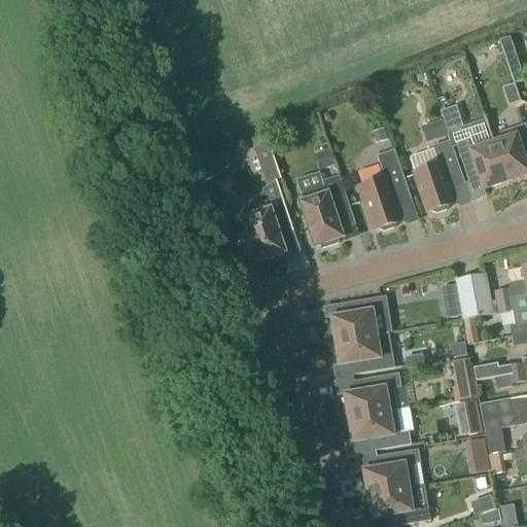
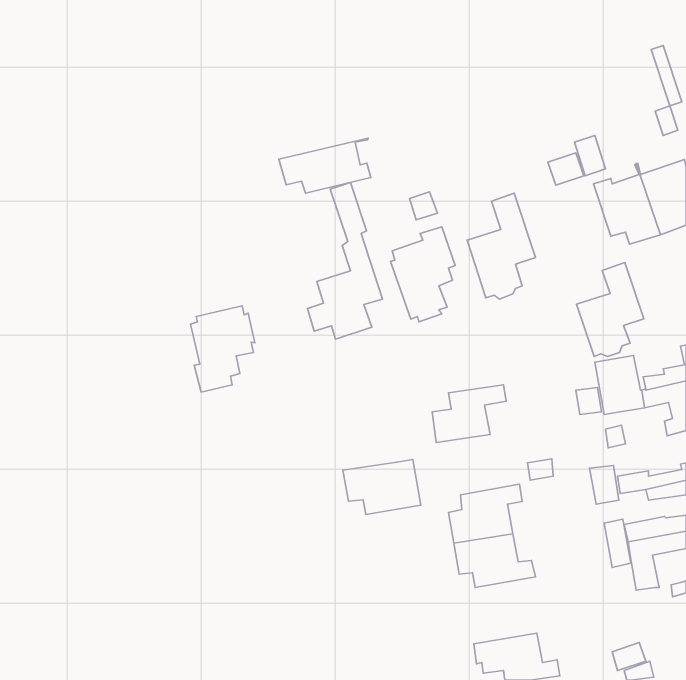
building: none -> [279,138,371,193]
building: [413,139,464,211] -> [577,263,644,356]
building: none -> [190,306,255,392]
building: [335,331,394,374] -> [343,460,421,515]
building: [464,437,490,473] -> none
building: [360,448,420,494] -> none

